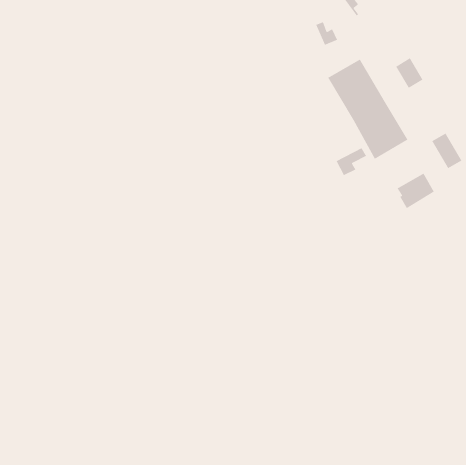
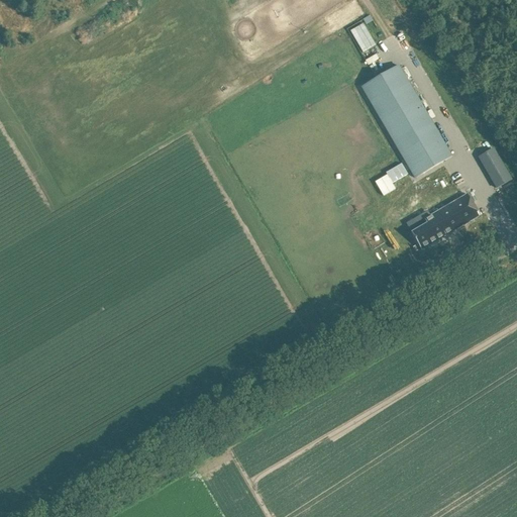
building: [395,57,424,89] -> none
building: none -> [412,208,449,246]

